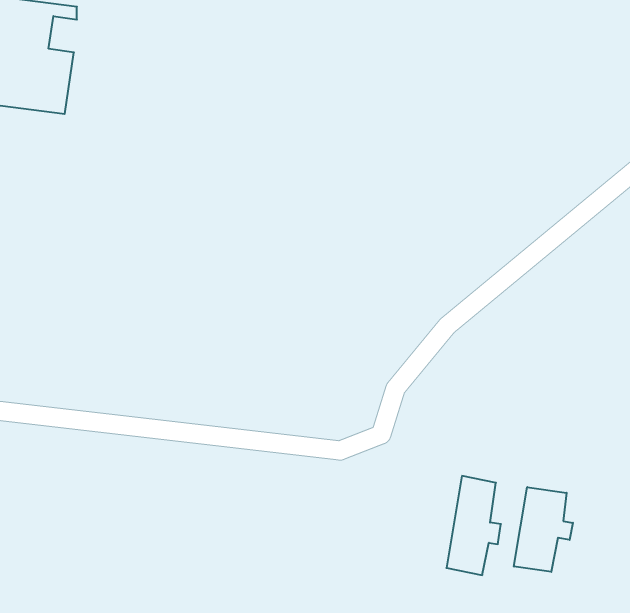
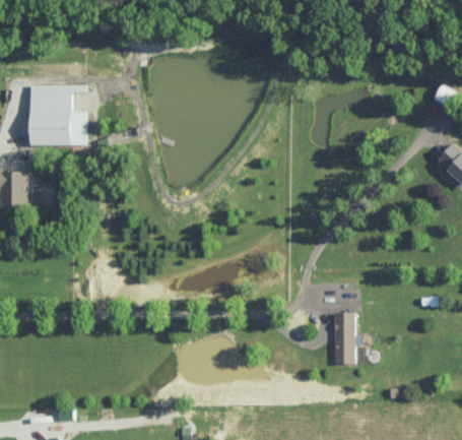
building: [514,487,573,572] -> none

